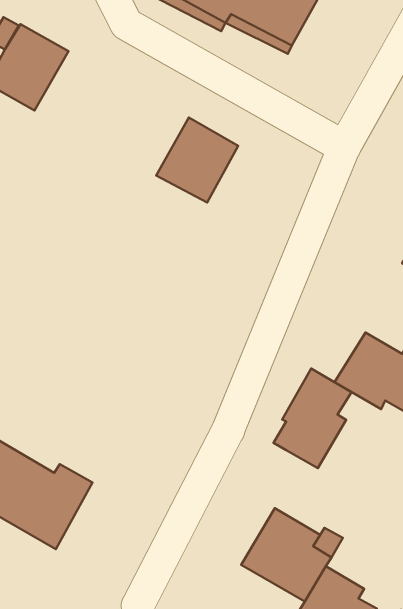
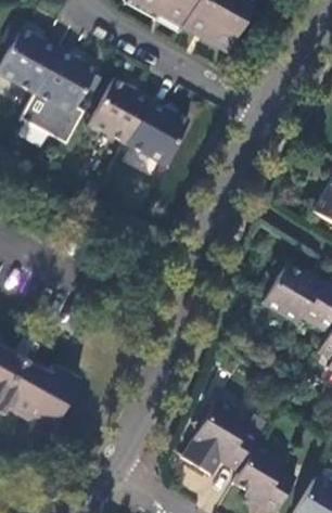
building: none -> [20,49,98,144]
building: none -> [89,79,151,144]
building: [274,369,351,468] -> none

